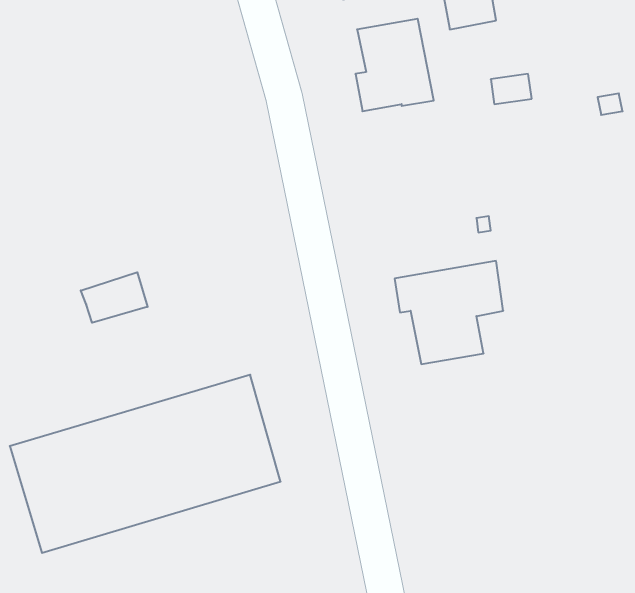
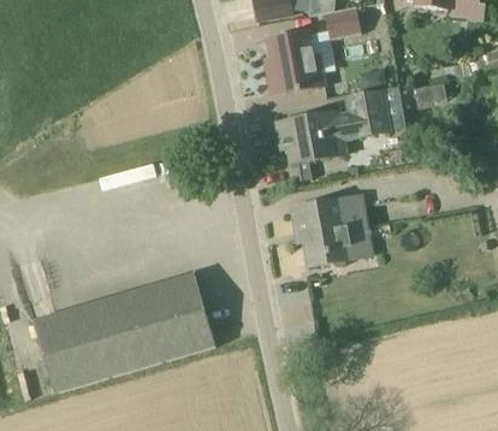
building: none -> [277,88,393,163]
building: [81,272,148,323] -> none

